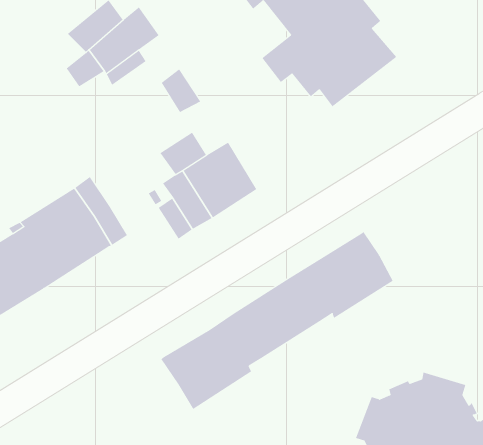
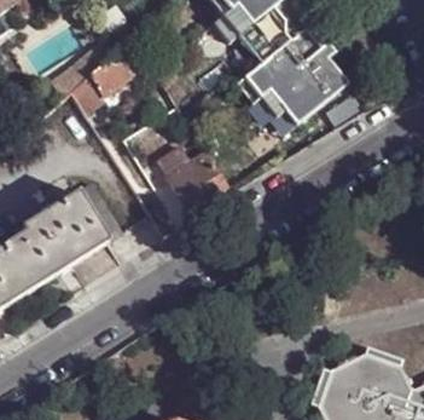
building: [161,231,394,410] -> none

